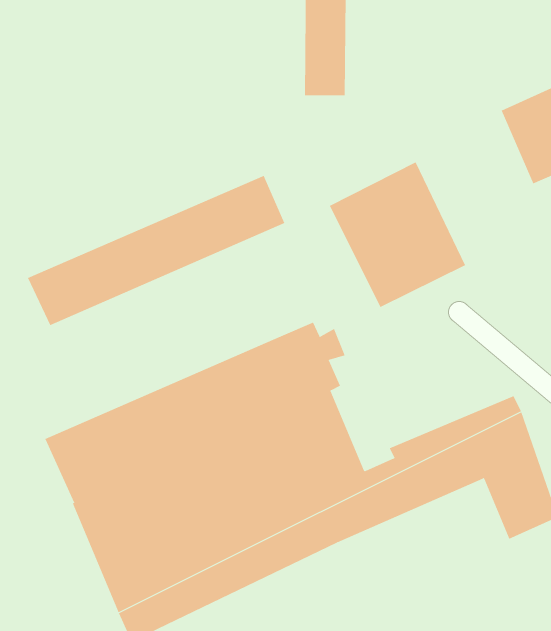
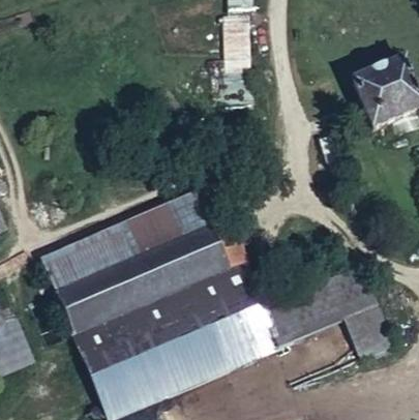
building: [329,162,466,308] -> none
building: [27,175,285,326] -> [41,196,208,293]

